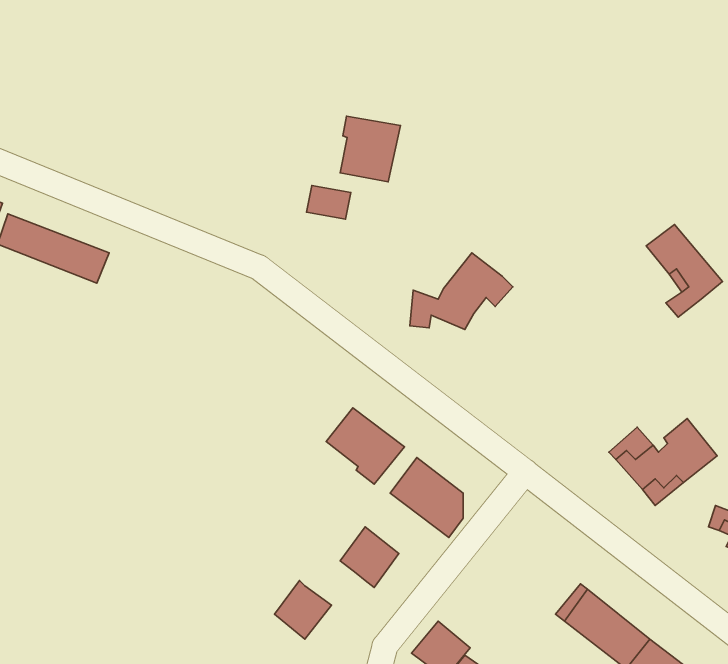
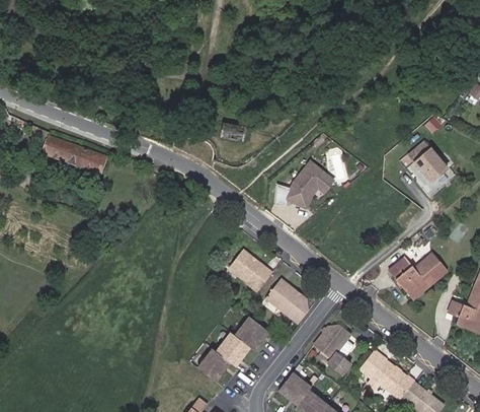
building: [340,116,400,182] -> none
building: none -> [313,322,351,371]
building: none -> [216,332,250,365]

